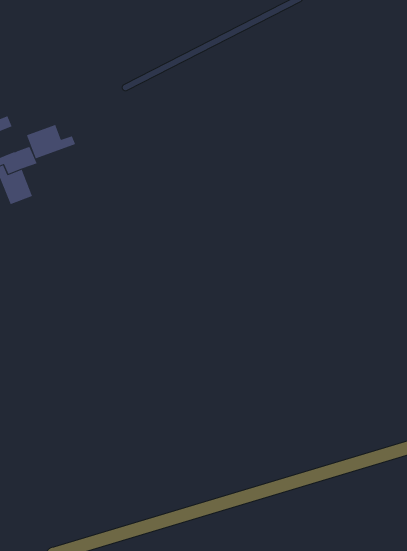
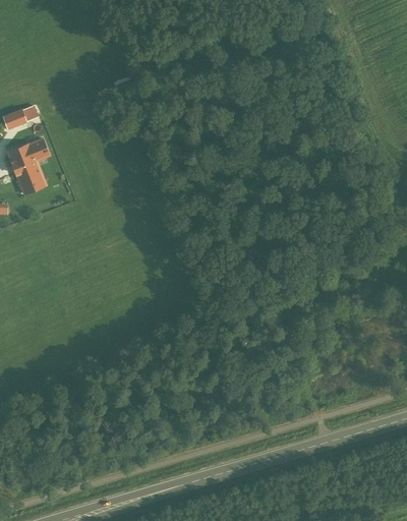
building: [26,124,76,159] -> none

